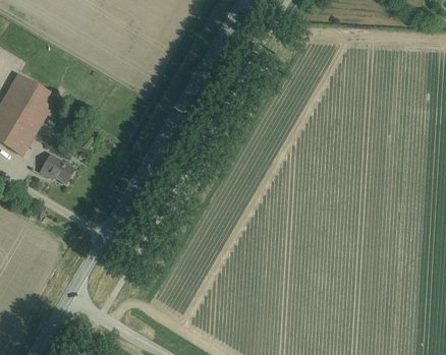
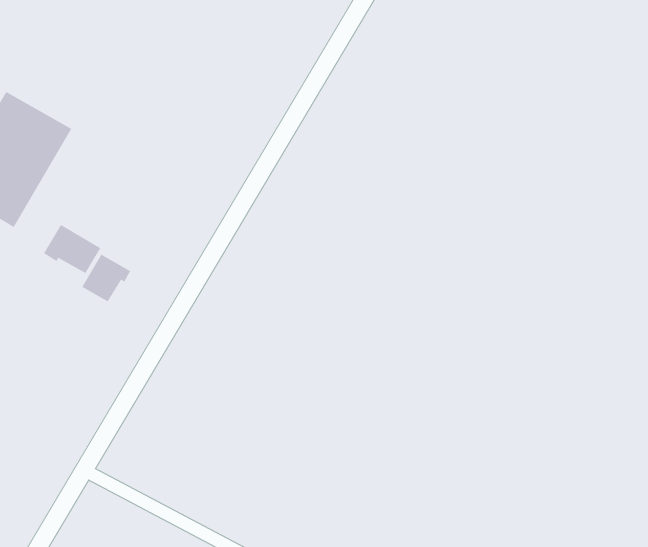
building: none -> [82,254,131,302]

